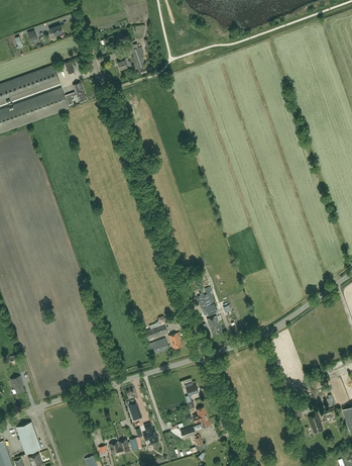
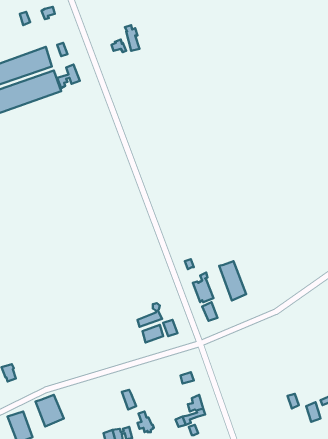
building: none -> [219,261,246,300]
building: none -> [35,395,64,426]

